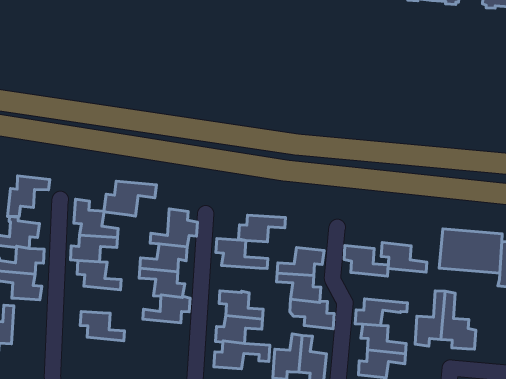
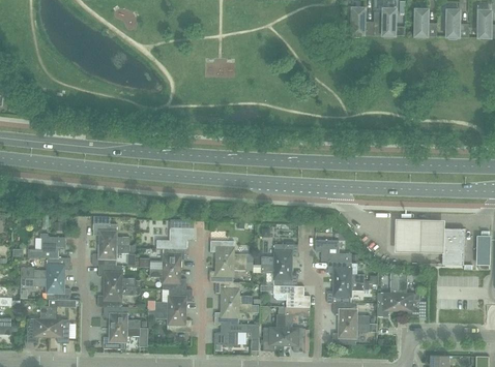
building: [7,176,50,217] -> none
building: [104,181,156,216] -> none
building: [238,215,286,242] -> [209,262,246,282]
building: [381,243,427,272] -> [327,261,365,282]
building: none -> [97,285,140,306]
building: none -> [49,305,69,342]
building: none -> [154,309,192,331]
building: none -> [103,327,140,348]

